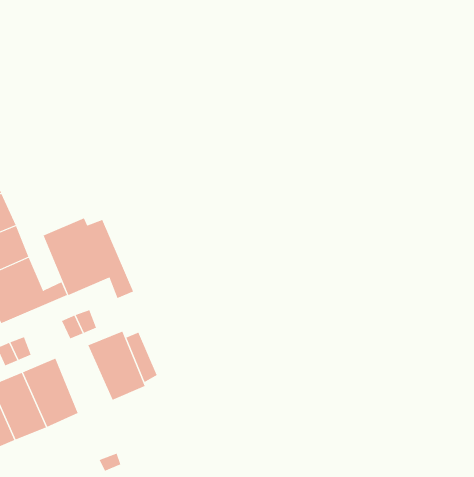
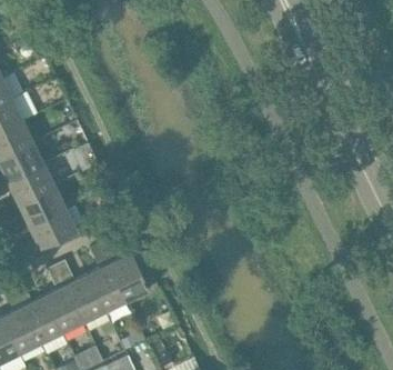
building: [43,217,134,299] -> none
building: none -> [87,264,127,311]

